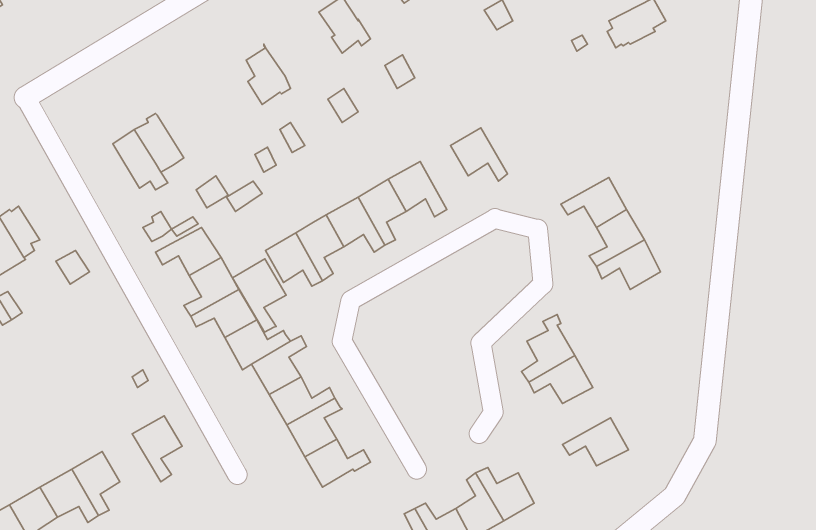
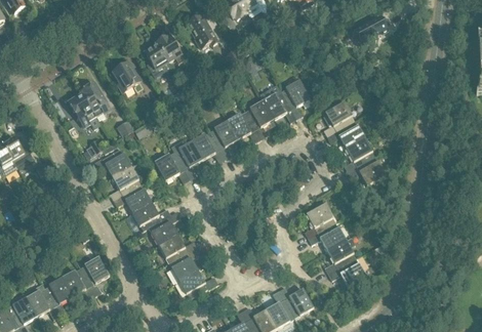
building: none -> [155,37,185,64]
building: none -> [113,64,143,92]
building: none -> [280,80,309,118]
building: none -> [245,101,273,138]
building: none -> [323,102,354,135]
building: [232,259,286,332] -> none
building: none -> [324,237,355,274]
building: none -> [62,267,95,298]

